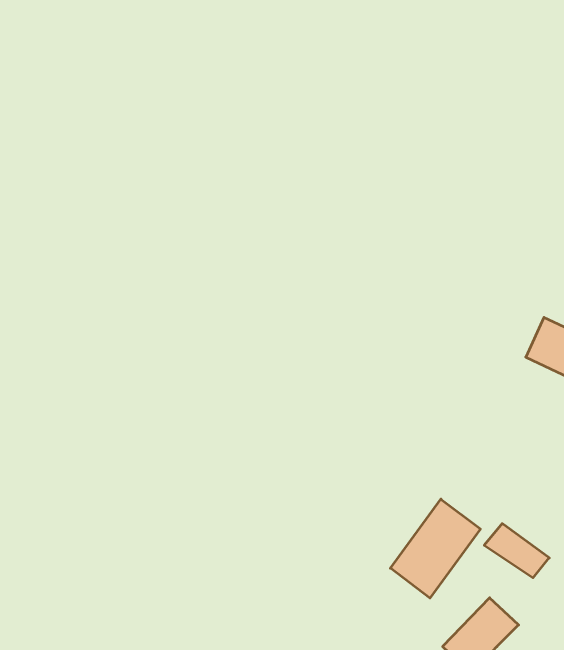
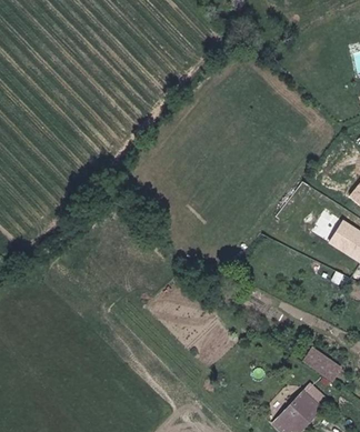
building: [390,499,480,598] -> none

